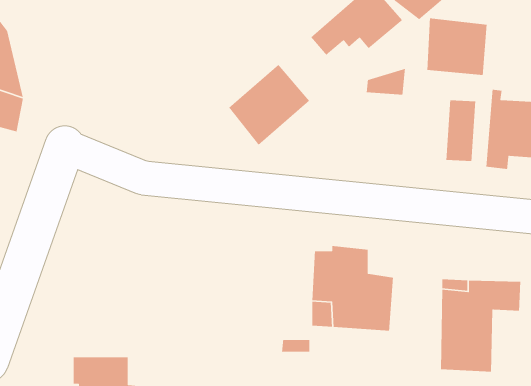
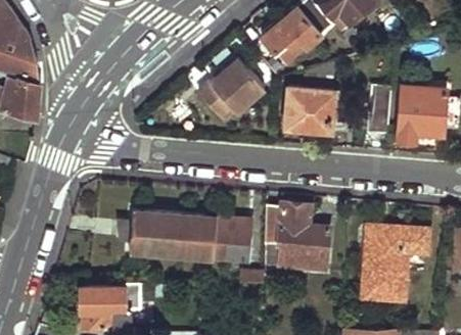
building: [427,18,488,76] -> [289,90,336,135]
building: none -> [129,214,250,262]

